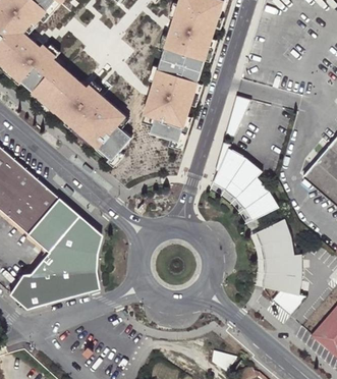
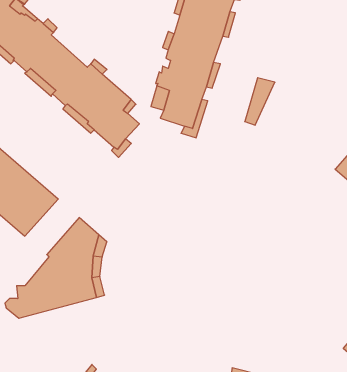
building: [212,141,279,219] -> none
building: [31,202,78,251] -> none
building: [257,219,305,315] -> none

